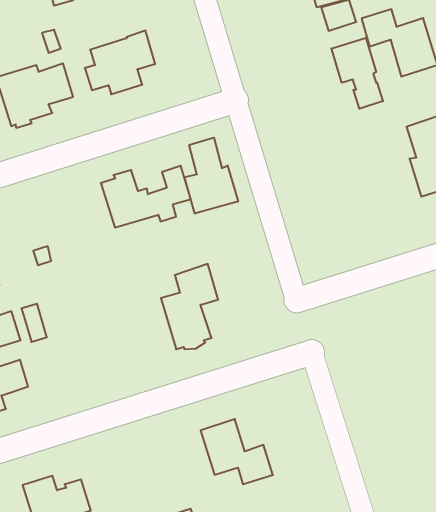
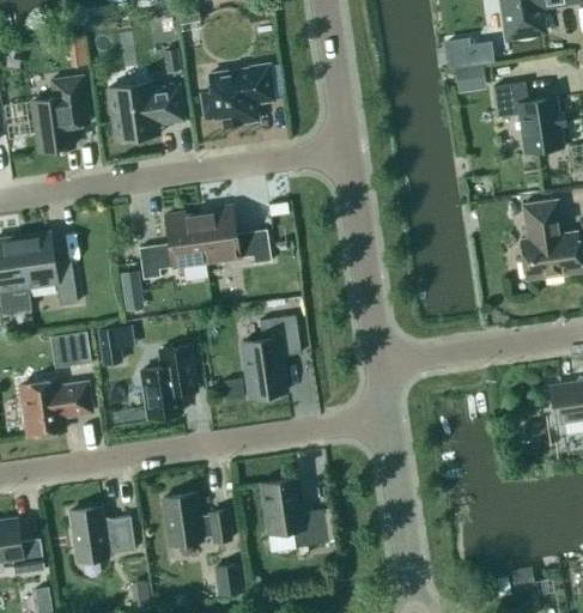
building: [331,38,383,109] -> none
building: [184,138,238,214] -> none
building: none -> [138,213,205,279]
building: none -> [140,346,196,418]
building: none -> [162,493,230,546]

